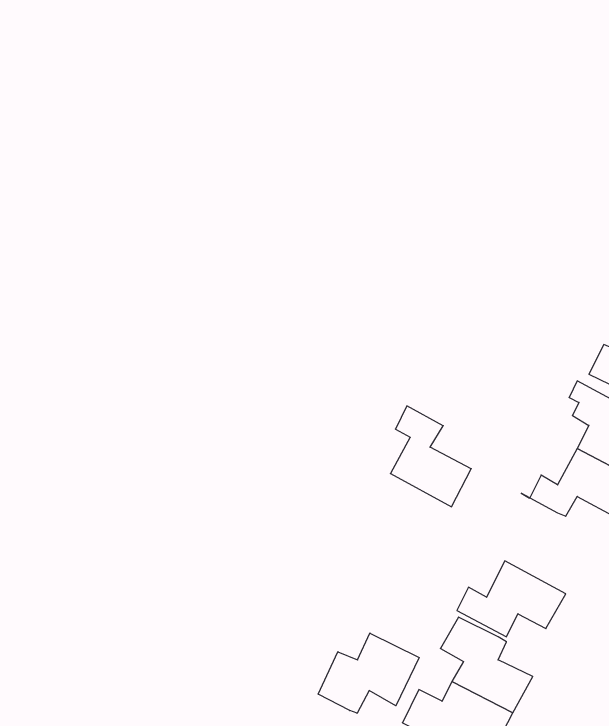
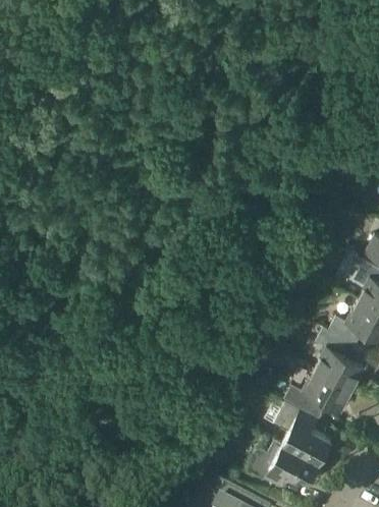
building: [390,406,471,507] -> [313,328,363,390]
building: [318,633,419,713] -> none

